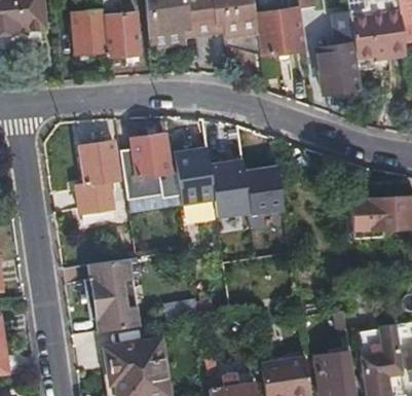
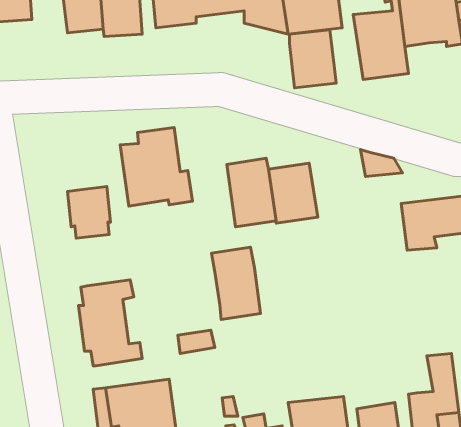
building: none -> [289,30,336,88]
building: [79,136,119,185] -> none
building: [174,146,215,207] -> [211,247,260,319]

